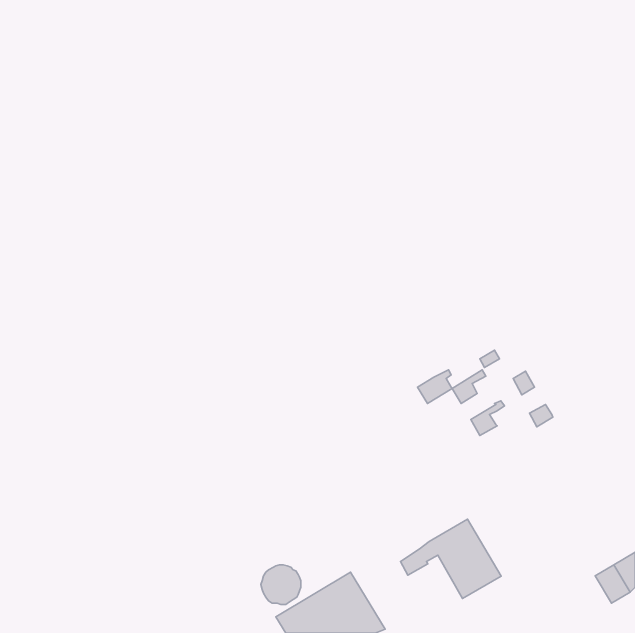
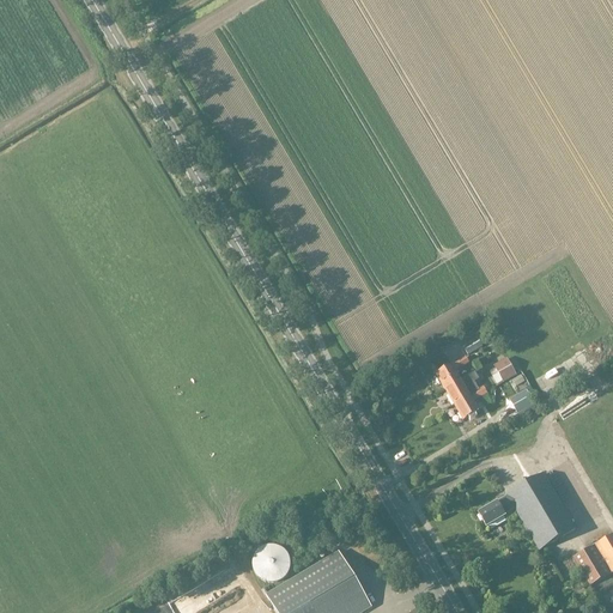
building: [418,370,452,403] -> [444,372,478,405]
building: [401,519,501,599] -> [478,473,575,550]

